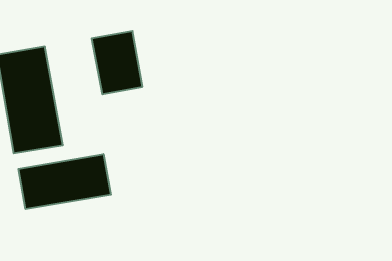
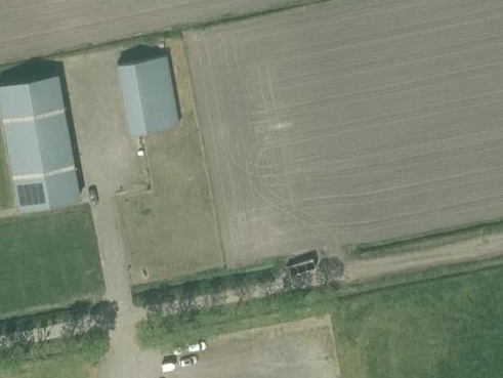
building: [18,154,111,209] -> none

